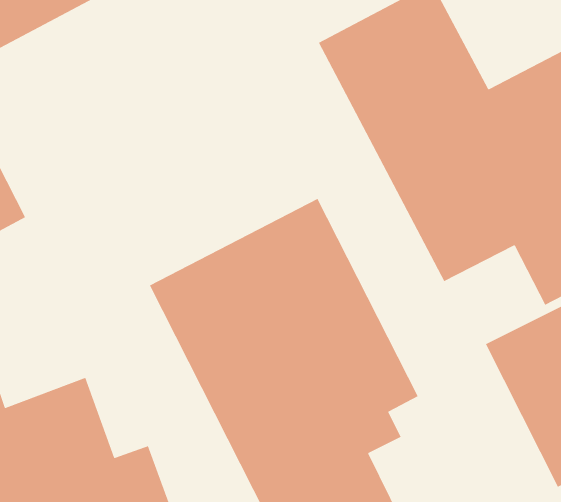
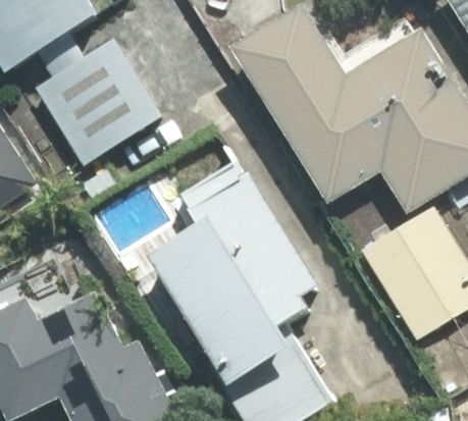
building: none -> [32,38,162,164]

